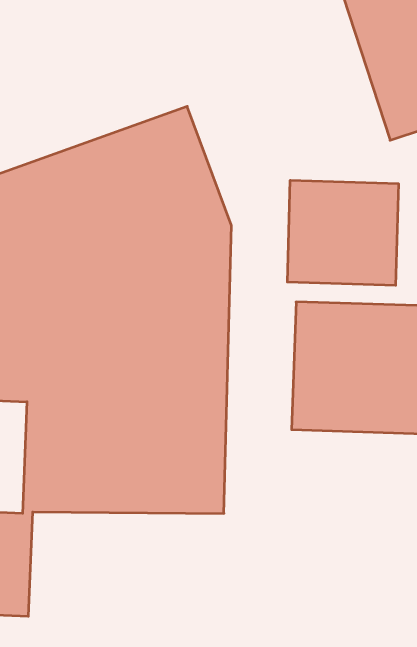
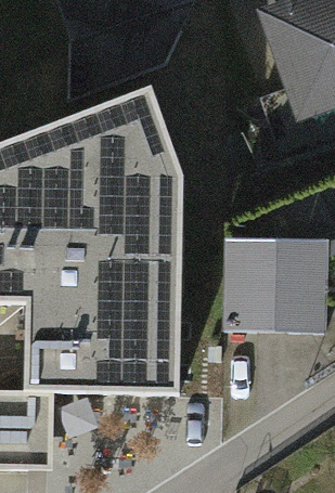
building: [287,180,398,285] -> none

